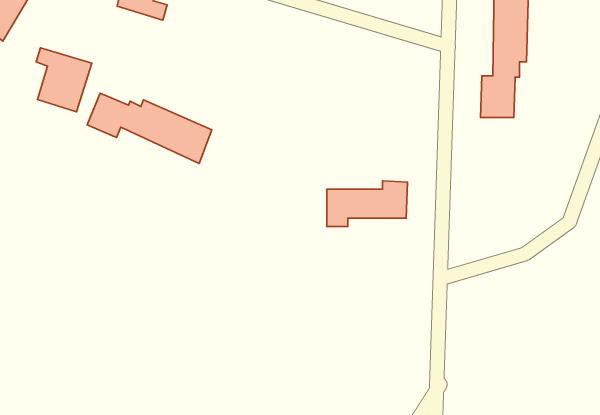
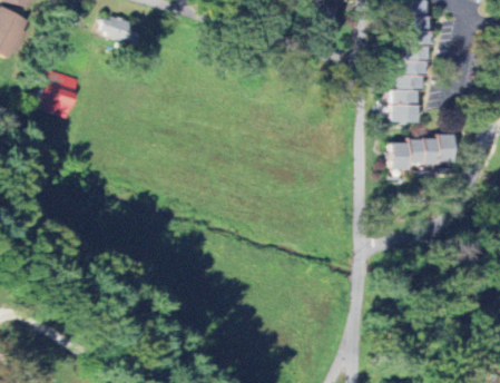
building: [87,93,212,164] -> none
building: [327,181,408,227] -> [390,134,454,170]

